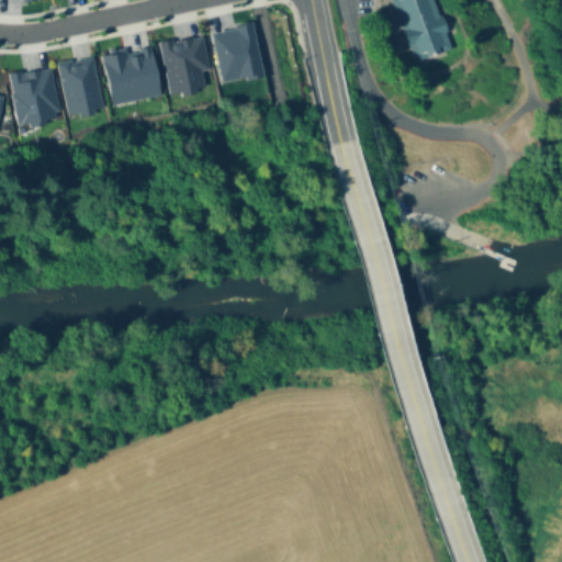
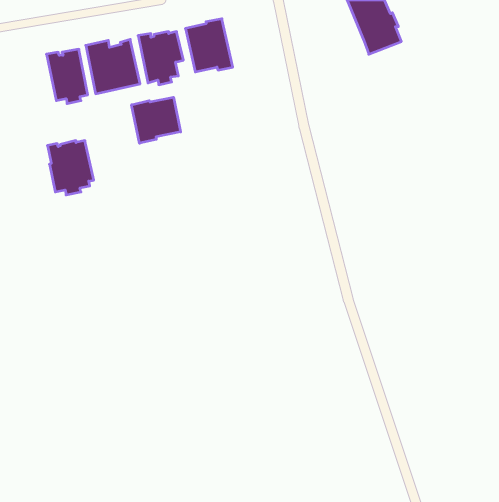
building: [10,68,61,128] -> [47,141,94,195]
building: none -> [132,97,181,143]

